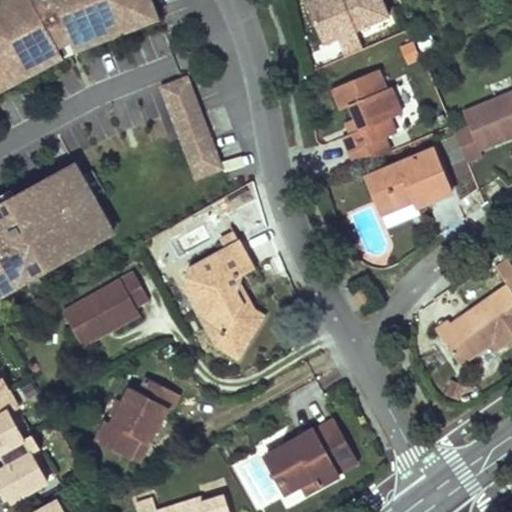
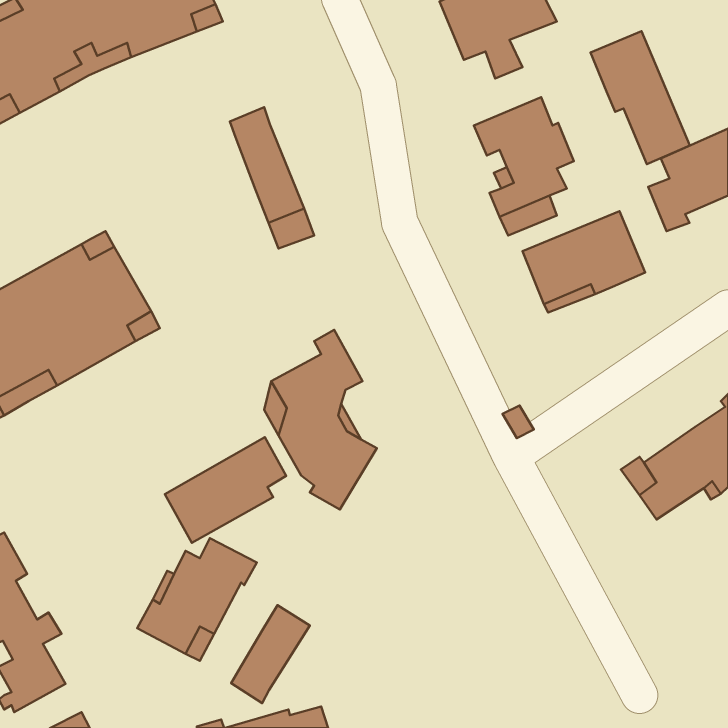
building: none -> [591,31,690,164]
building: [64,271,149,345] -> [165,437,286,543]
building: [265,420,354,493] -> none
building: none -> [231,605,310,703]

